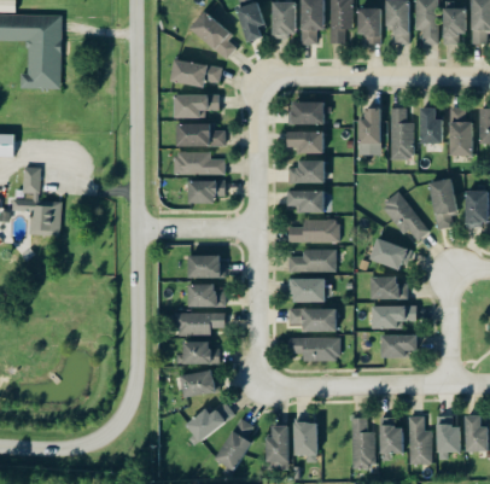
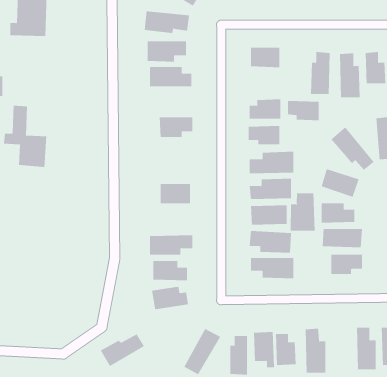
building: [286,130,322,153] -> [287,101,319,121]
building: [175,152,226,175] -> none
building: none -> [290,192,315,232]
building: [188,285,227,308] -> none
building: [185,403,235,441] -> [100,333,145,367]
building: [379,418,403,454] -> [275,333,296,366]

